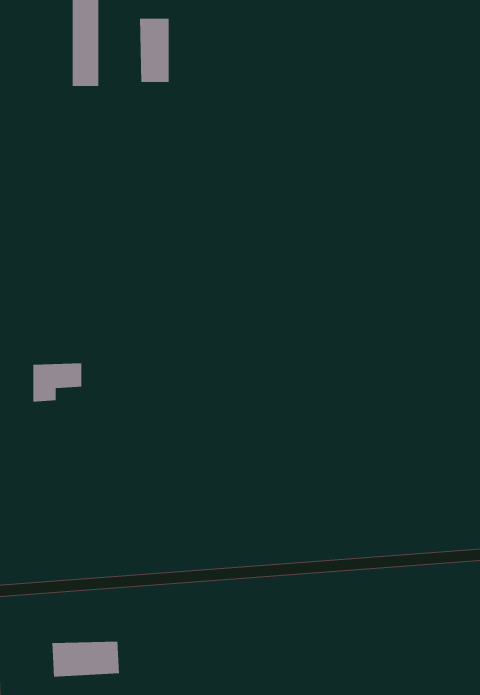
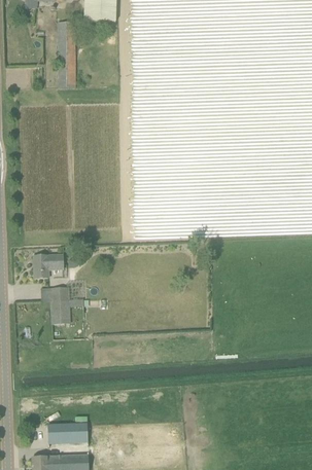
building: [139,18,169,83] -> none
building: none -> [51,287,82,323]

